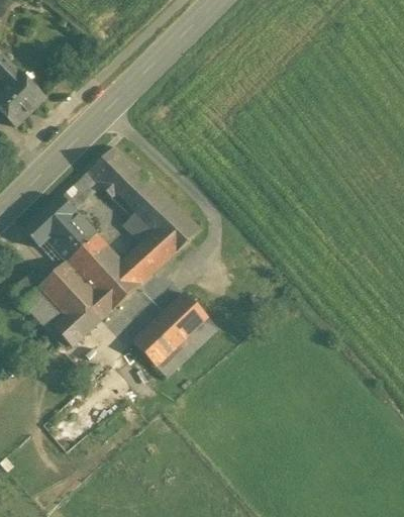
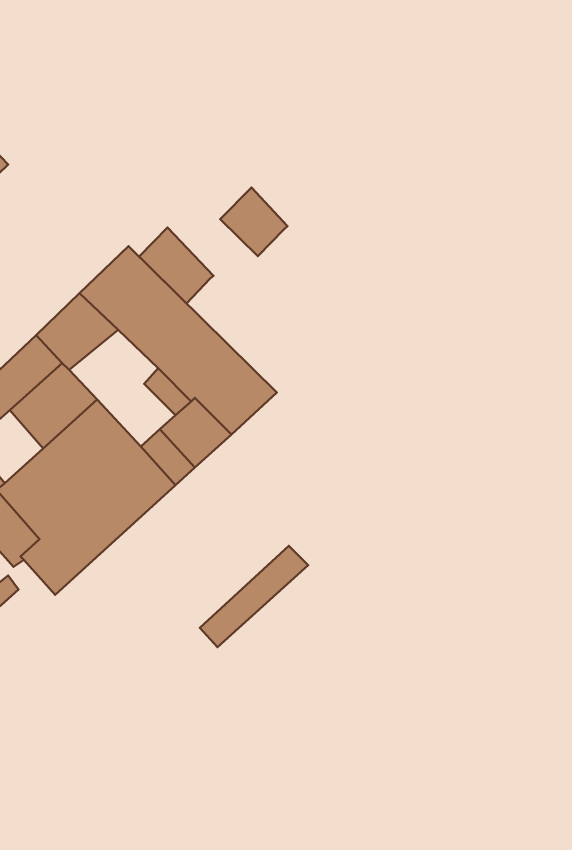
building: none -> [220,187,287,256]
building: none -> [139,228,213,303]
building: [132,293,206,366] -> none

